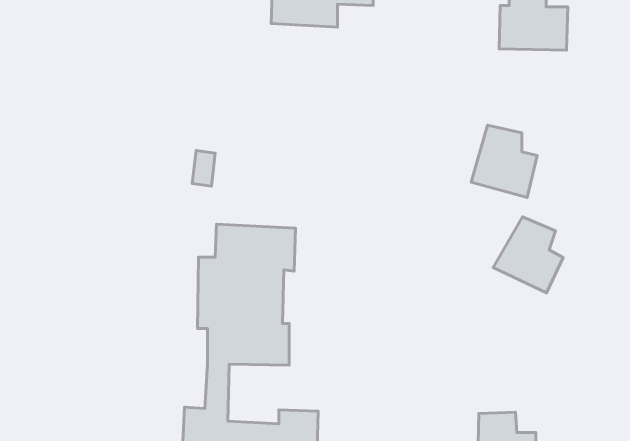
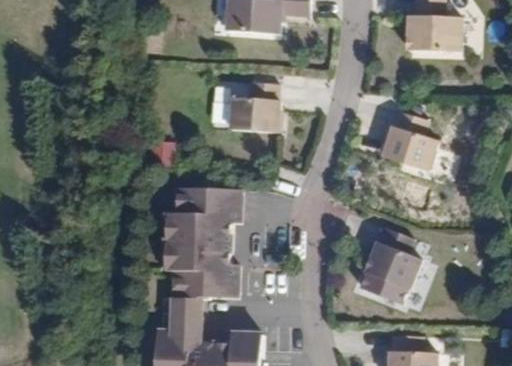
building: none -> [230,82,275,130]
building: [493,217,563,293] -> [361,231,416,291]

